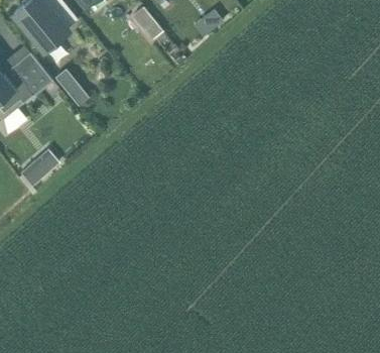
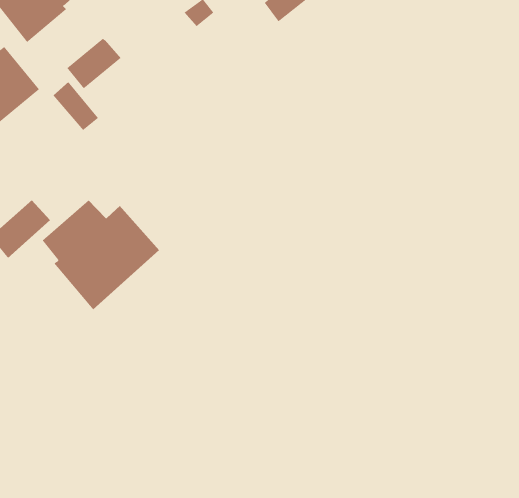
building: none -> [67,38,121,89]
building: none -> [42,199,160,310]

